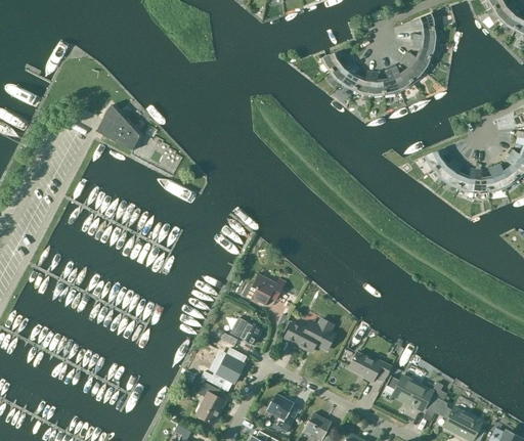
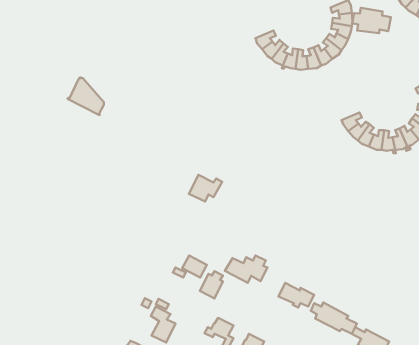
building: none -> [352,8,391,33]
building: [246,274,286,306] -> [189,175,222,201]
building: [216,351,244,384] -> [200,271,223,299]

